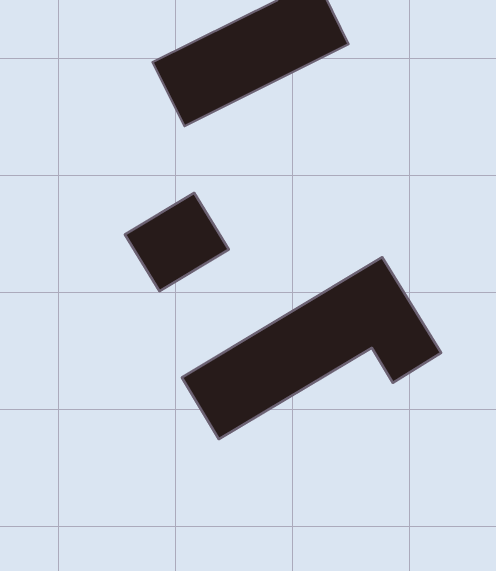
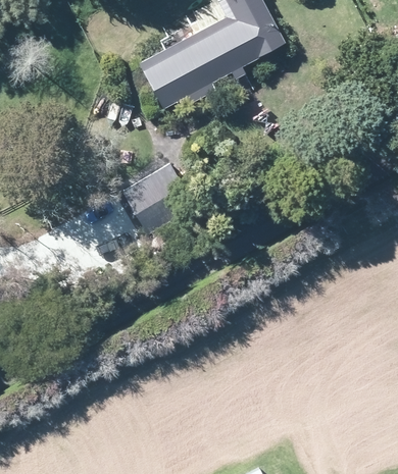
building: [182,257,441,439] -> none

